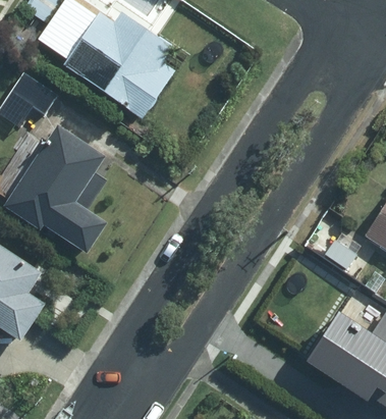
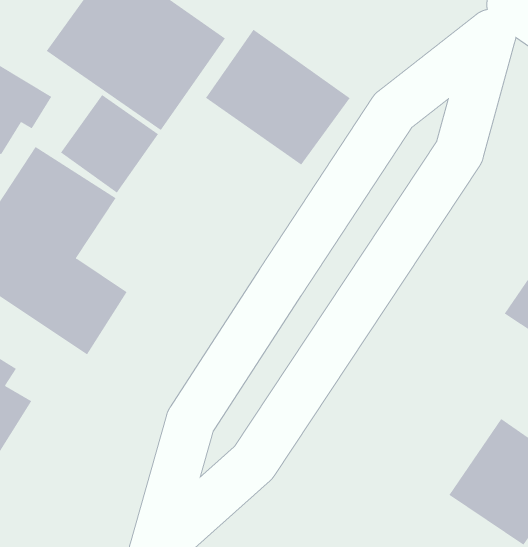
building: none -> [205,29,351,166]
building: none -> [60,94,159,193]

